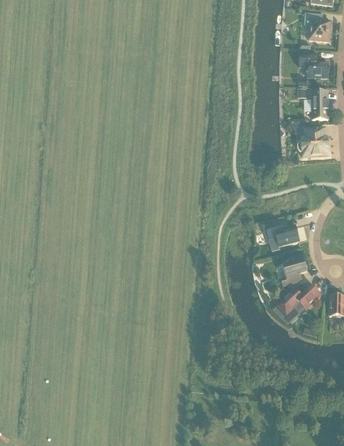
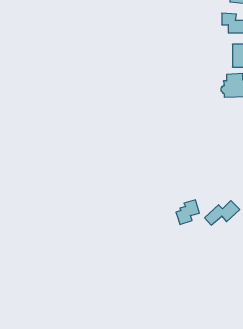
building: [266,221,299,245] -> none
building: [278,255,307,285] -> [176,200,199,224]

